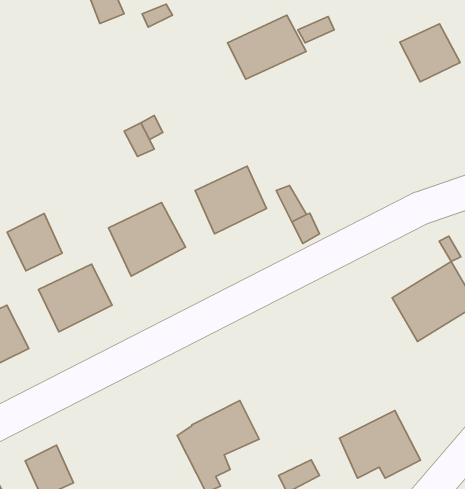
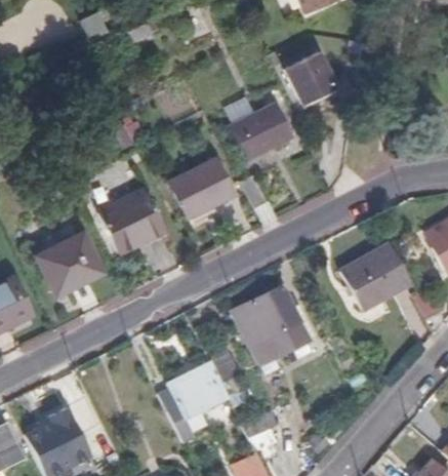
building: [228,15,306,79] -> [227,108,293,162]
building: [400,24,460,82] -> [285,53,336,103]
building: [7,214,62,271] -> none
building: [339,410,420,478] -> [235,287,303,345]

